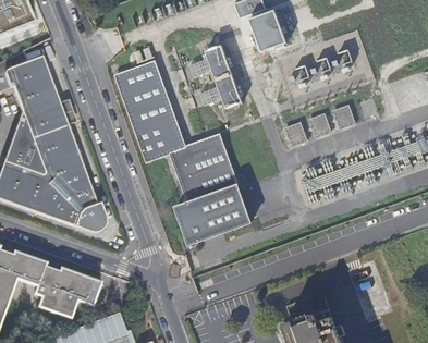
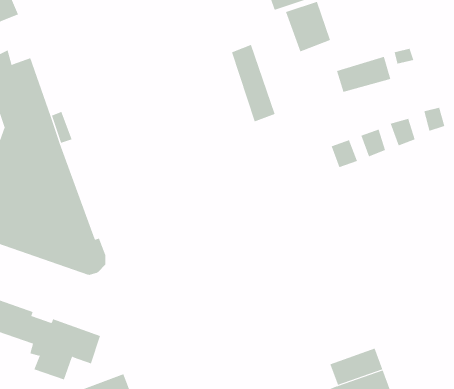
building: [117,60,250,243] -> none

